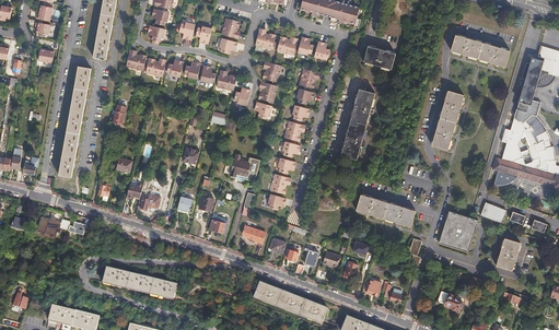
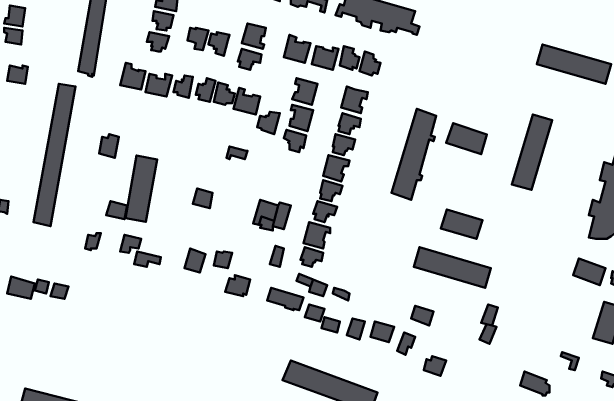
building: [362,43,394,67] -> [446,123,487,154]
building: none -> [125,155,157,222]
building: none -> [441,210,482,239]
building: [439,210,478,251] -> none
building: [102,267,177,300] -> none

